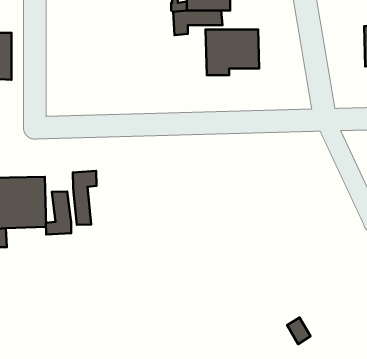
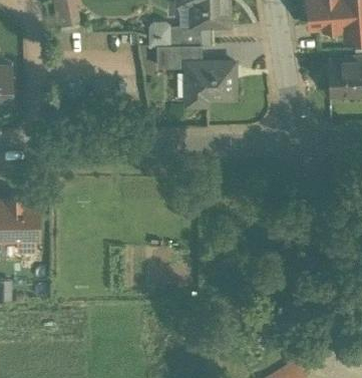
building: [73,171,96,225] -> none
building: [46,191,71,234] -> none

